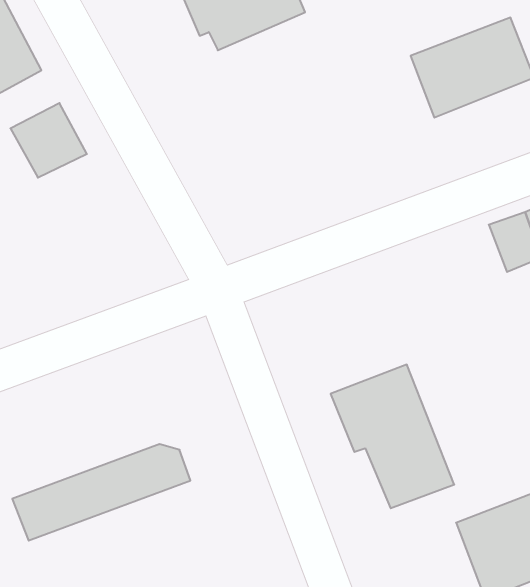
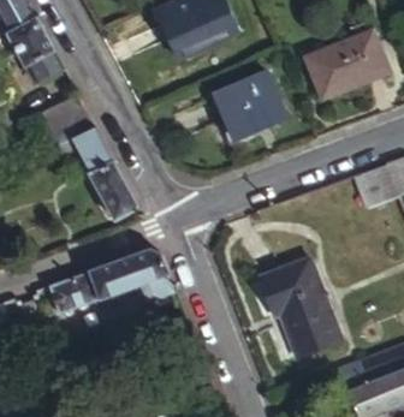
building: none -> [214,76,284,139]
building: none -> [60,125,138,220]
building: [12,444,190,541] -> [47,249,165,312]

